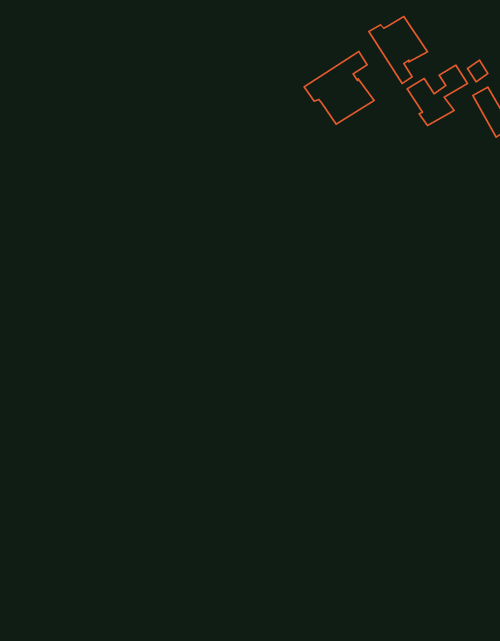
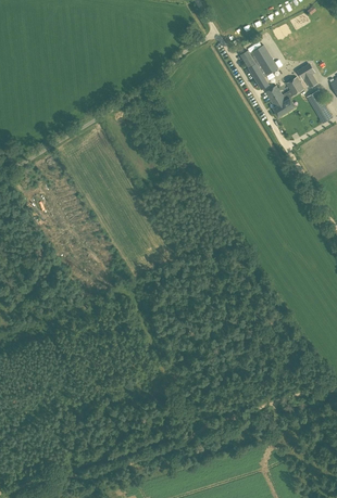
building: [304,51,374,124] -> none

